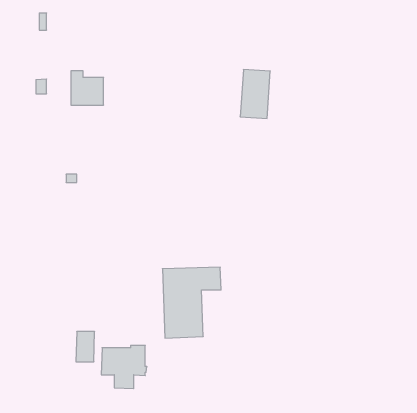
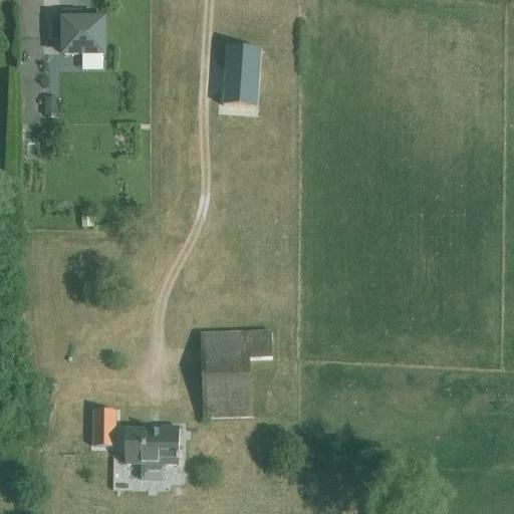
building: [240,70,270,118] -> [223,45,260,105]
building: [71,71,104,105] -> [63,10,103,52]

